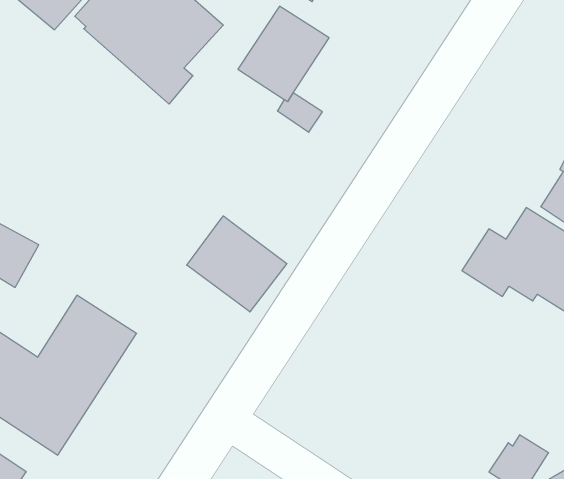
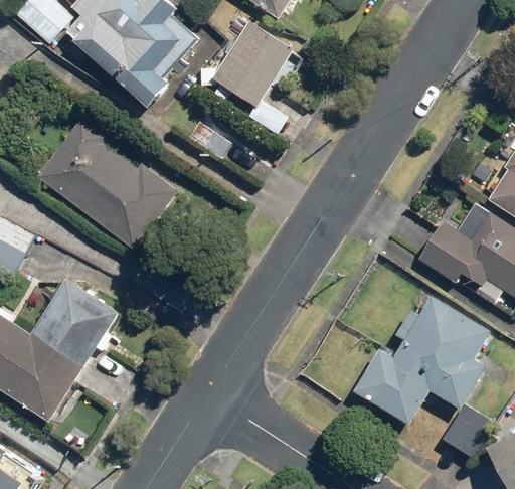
building: none -> [36,118,176,249]
building: [187,216,287,312] -> none
building: none -> [348,295,487,426]

